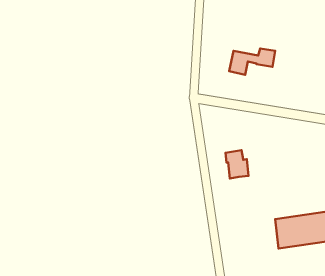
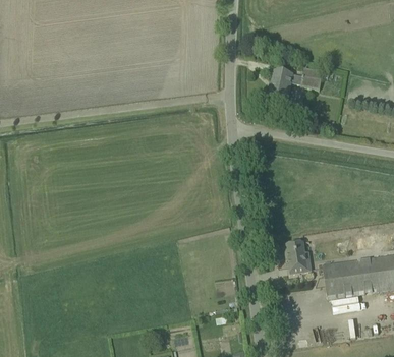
building: [226,150,248,178] -> [285,240,312,273]

